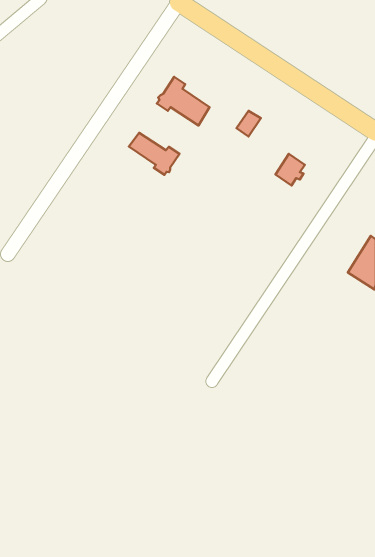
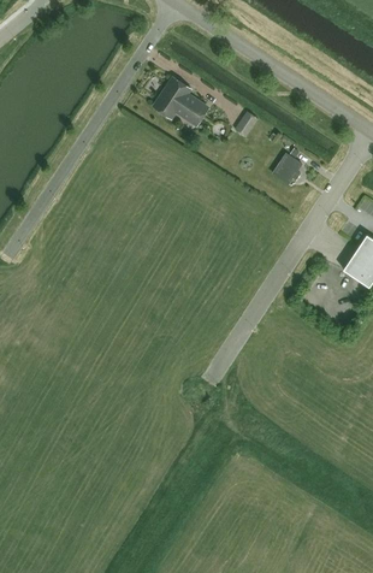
building: [129,133,179,175] -> none

